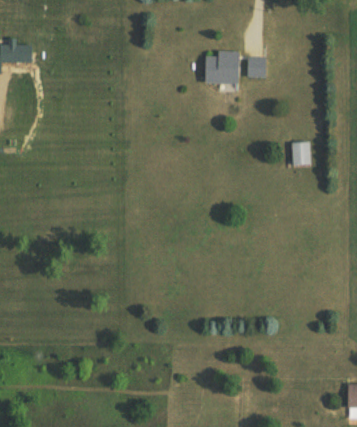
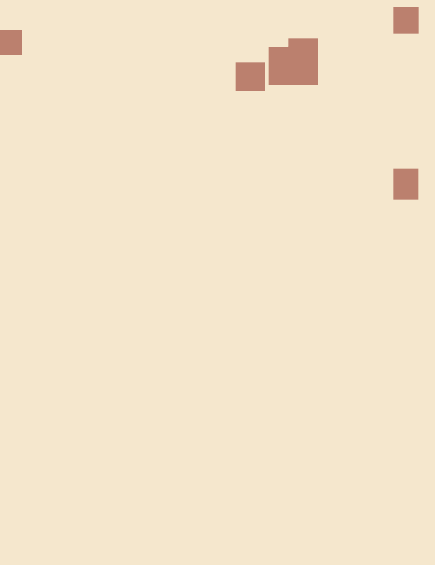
building: [246,57,265,77] -> [393,6,419,34]
building: none -> [235,62,266,92]

